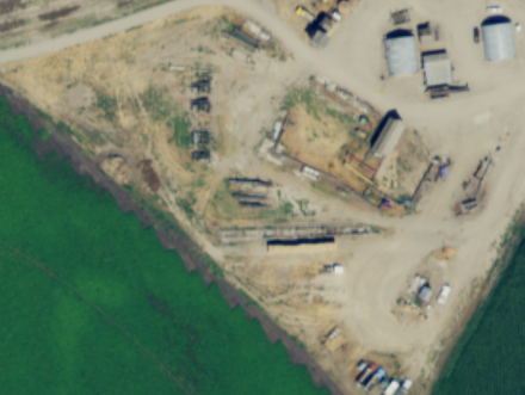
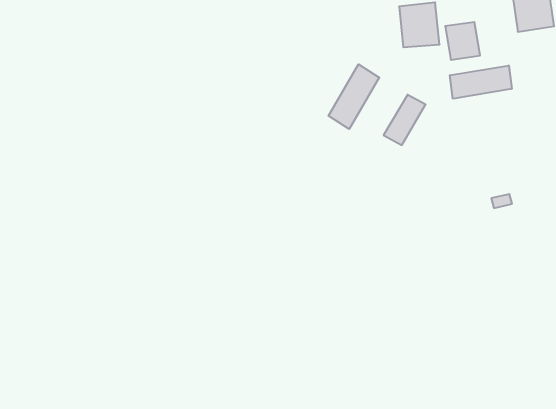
building: none -> [328,64,379,129]
building: none -> [450,65,512,99]

